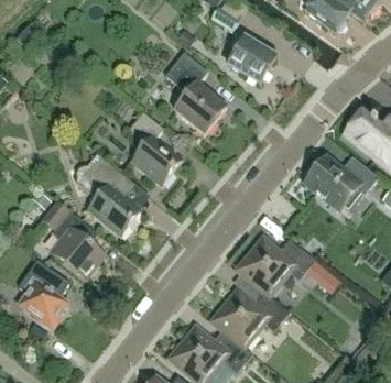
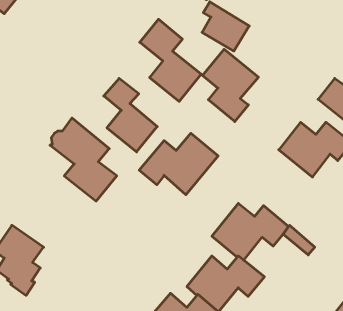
building: none -> [203,49,258,122]
building: none -> [139,133,218,195]
building: [40,198,104,278] -> none

